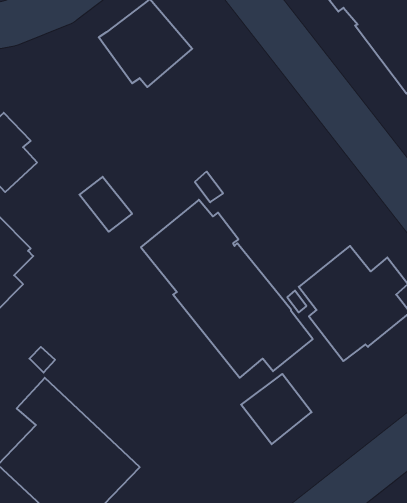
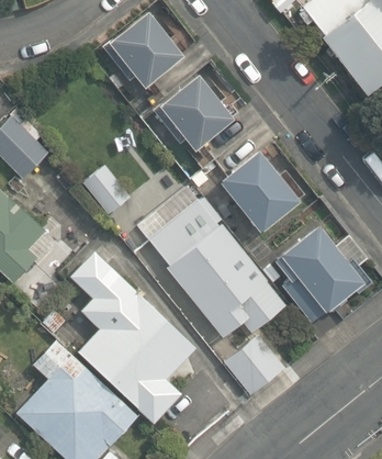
building: none -> [151,74,234,149]
building: none -> [217,152,297,233]
building: none -> [71,251,195,422]

